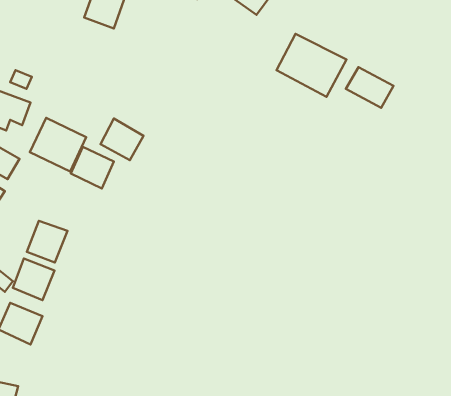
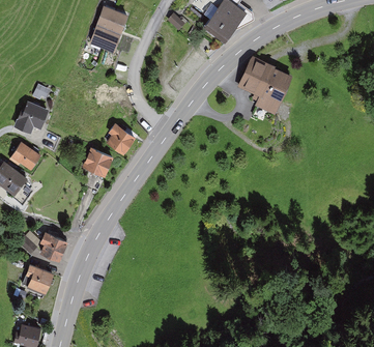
building: [346,67,394,108] -> none
building: [30,118,86,171] -> none
building: [27,221,68,263] -> none

